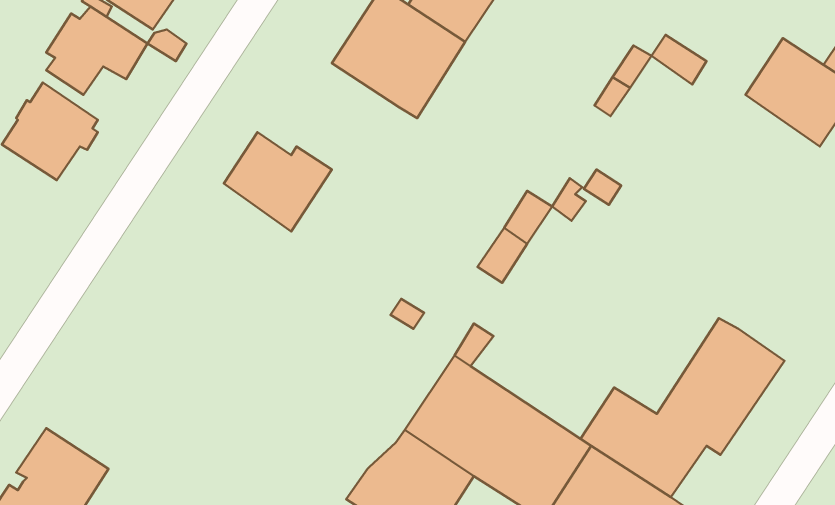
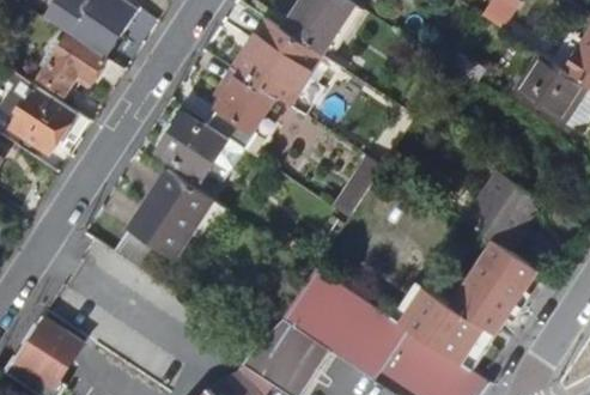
building: none -> [208,71,280,162]
building: none -> [115,171,199,272]
building: none -> [462,171,533,250]

